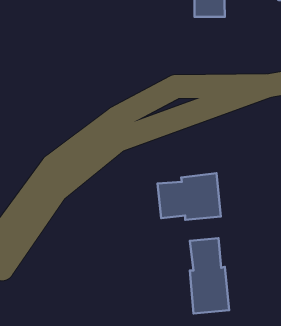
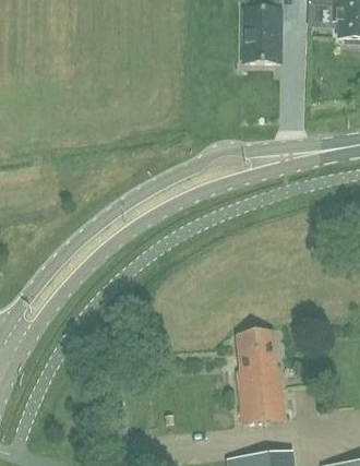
building: [157,173,221,220] -> none

